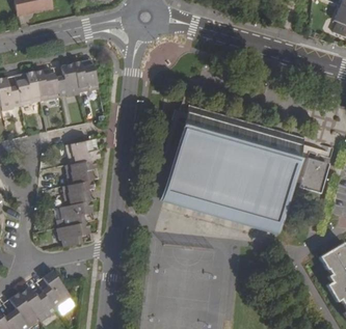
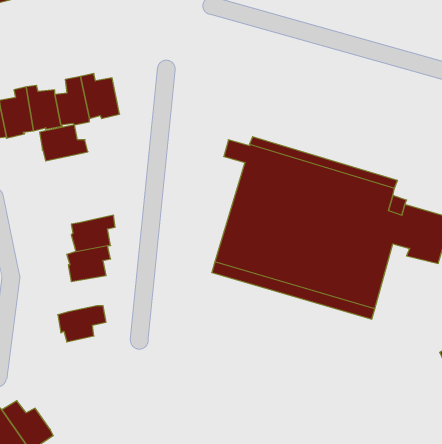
building: [68,141,101,166] -> [40,125,88,161]
building: [59,202,94,227] -> none
building: [41,273,70,308] -> none

